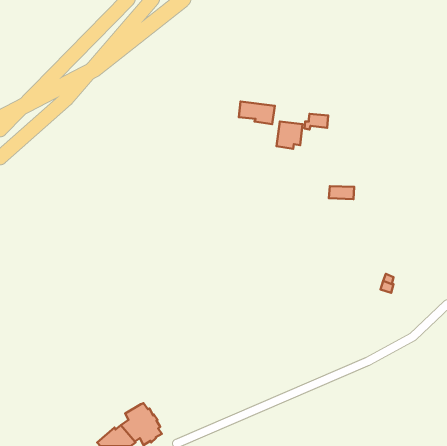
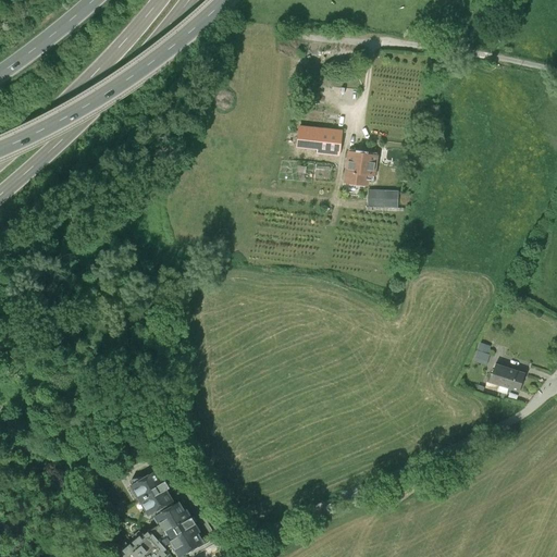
building: [329,186,354,199] -> [367,190,398,207]
building: none -> [488,363,524,393]
building: none -> [132,470,175,515]

